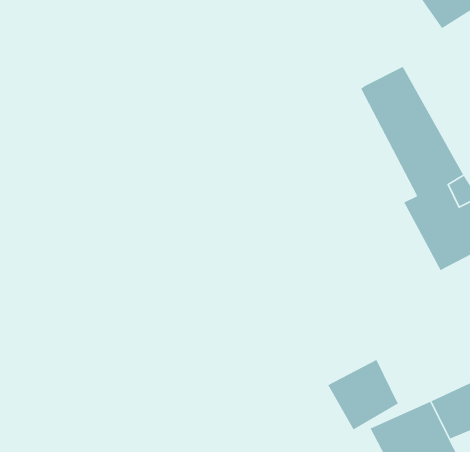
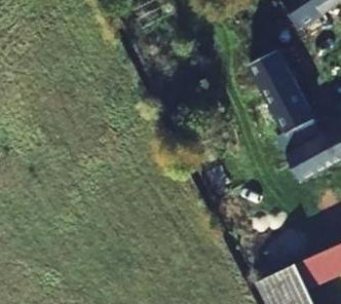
building: [327,359,399,431] -> none

